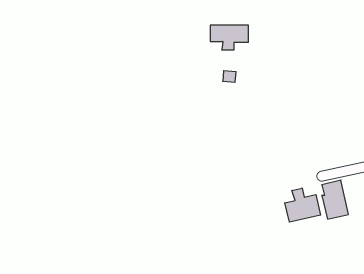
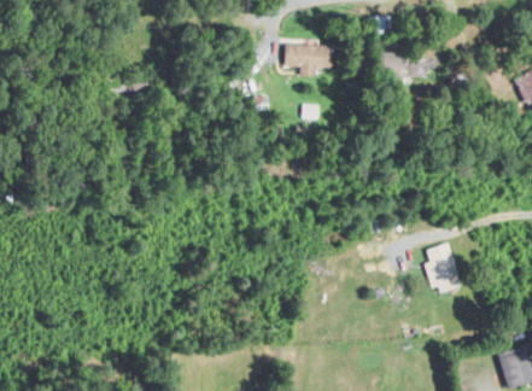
building: [285,188,321,222] -> none

